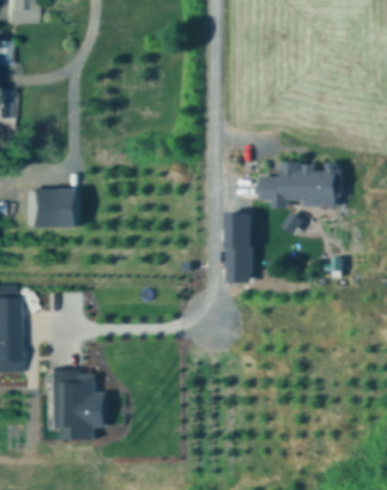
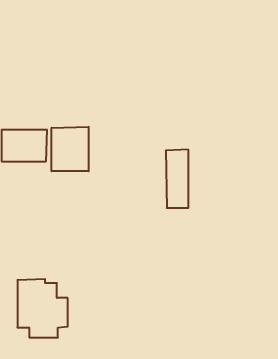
building: [264,163,345,208] -> none
building: none -> [52,127,89,171]

